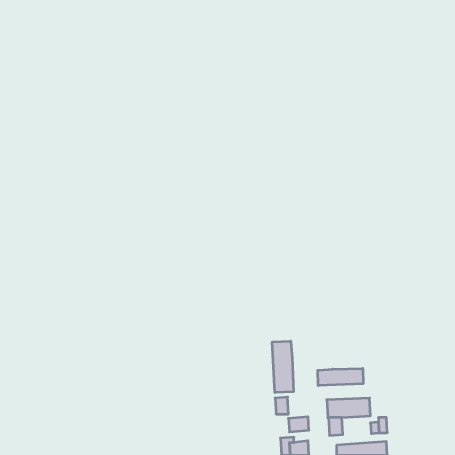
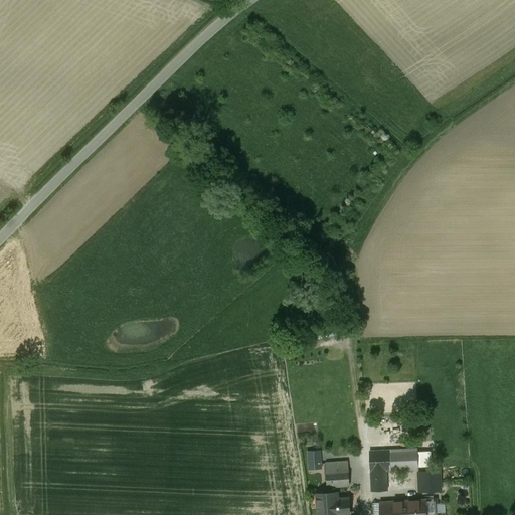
building: [272,341,293,393] -> none
building: [318,368,363,386] -> none

